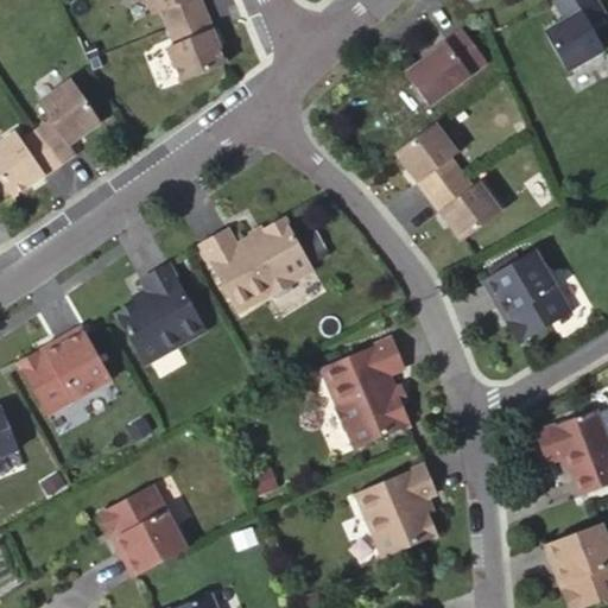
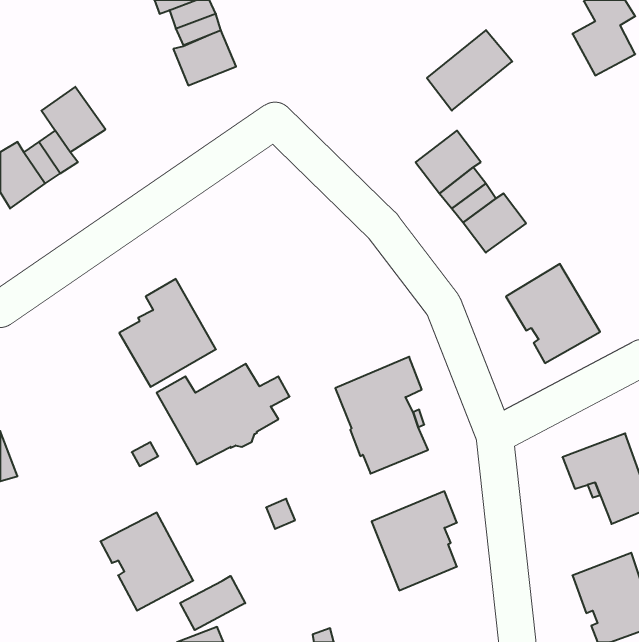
building: [200,217,325,312] -> [157,364,290,464]
building: [18,328,110,414] -> none
building: none -> [180,576,245,630]

